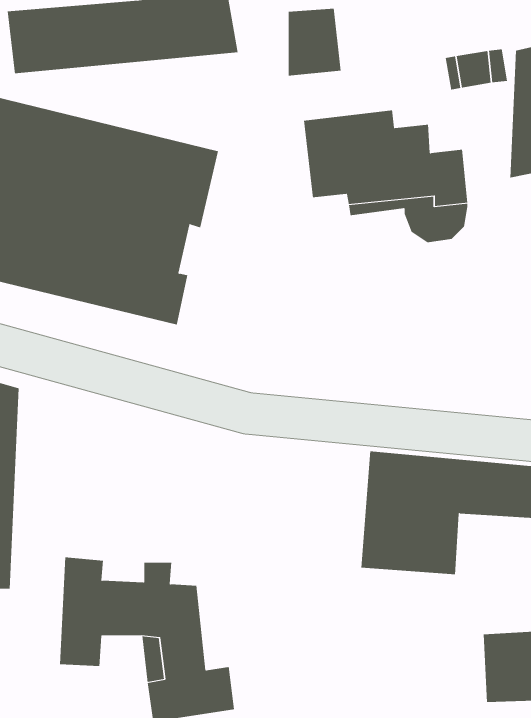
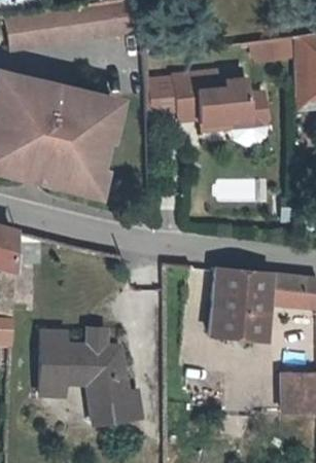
building: [288,8,342,76] -> [151,78,182,117]

